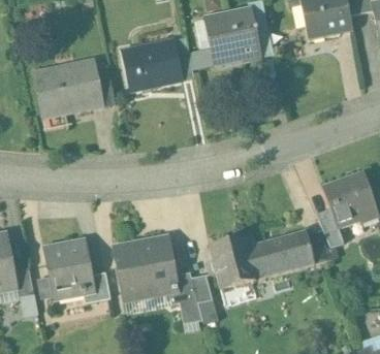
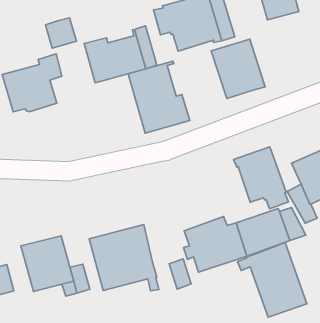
building: none -> [211,39,265,98]
building: none -> [128,61,190,133]
building: [85,79,115,108] -> [45,18,77,48]
building: none -> [233,147,289,209]
building: none -> [238,242,307,317]
building: [175,271,202,323] -> none

